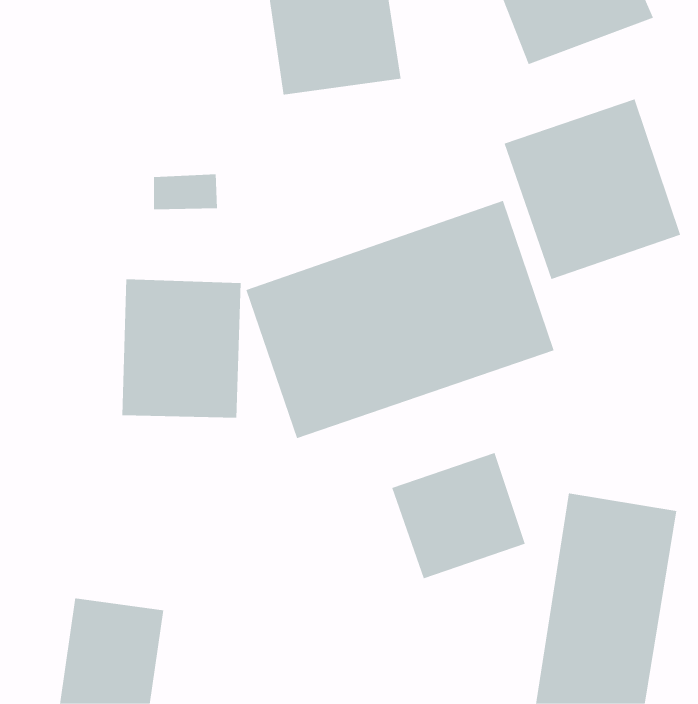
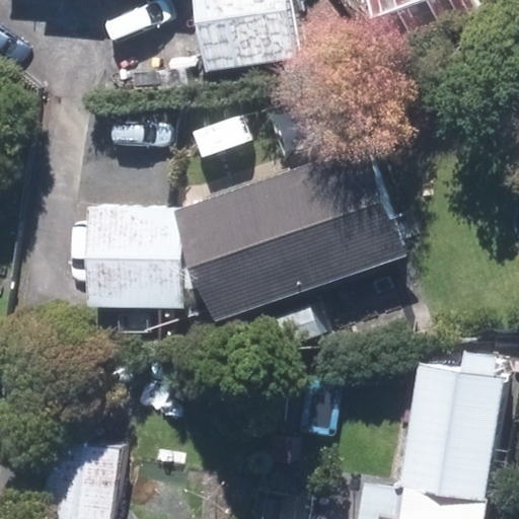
building: [504,98,681,280] -> none
building: [392,452,526,579] -> none

